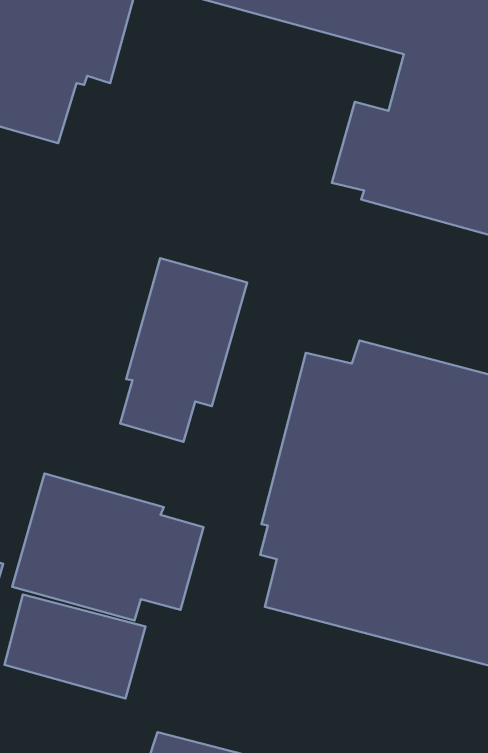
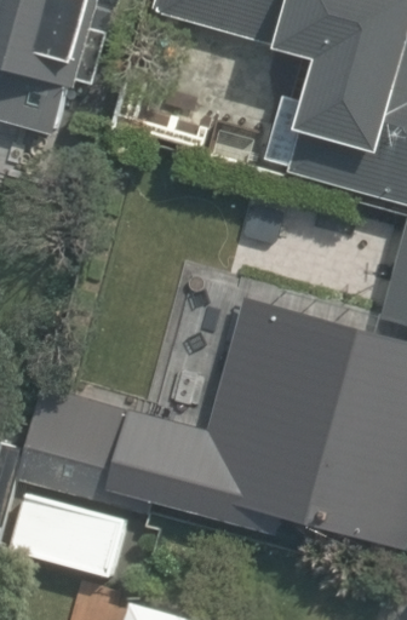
building: [120,258,247,442] -> none

